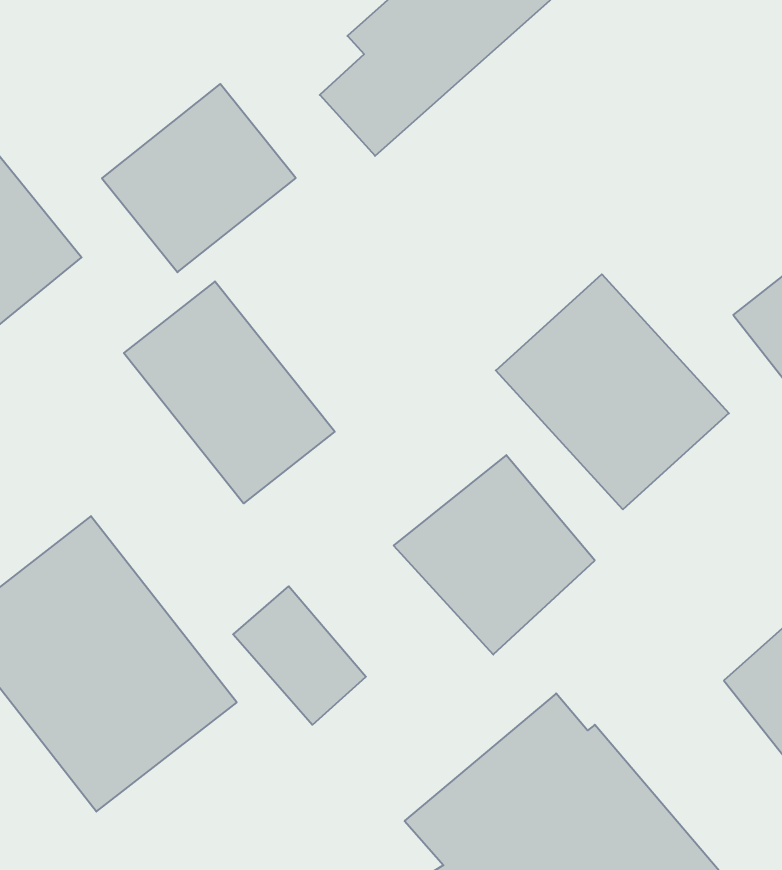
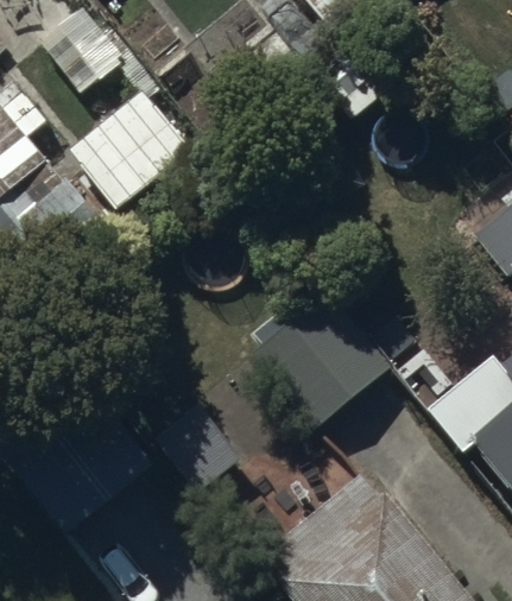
building: [496,274,729,509] -> none
building: [124,281,335,503] -> none

